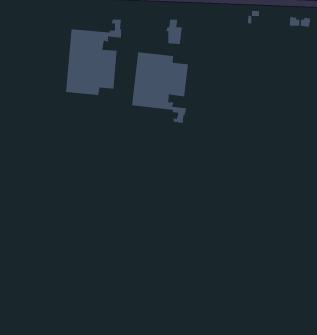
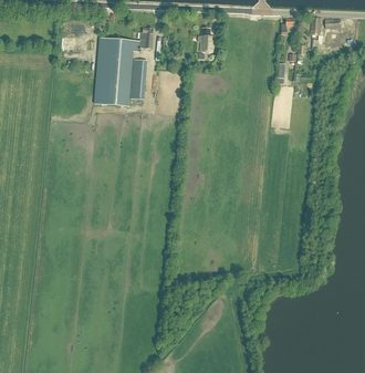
building: [131,52,189,124] -> none

